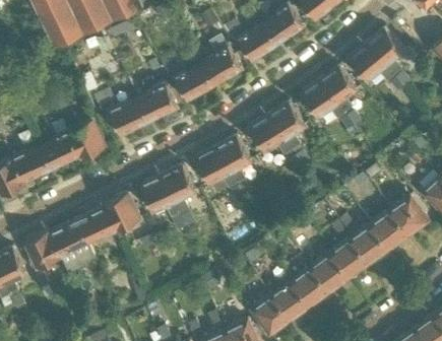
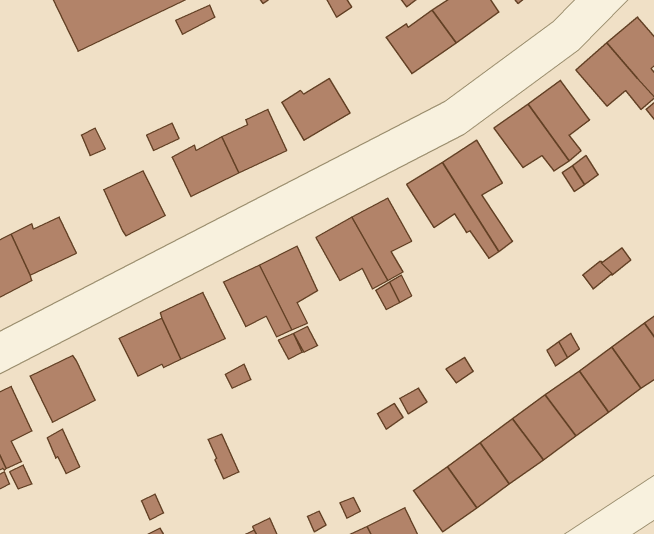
building: [203,35,242,85] -> none
building: [43,131,80,168] -> none
building: [53,219,89,256] -> none

